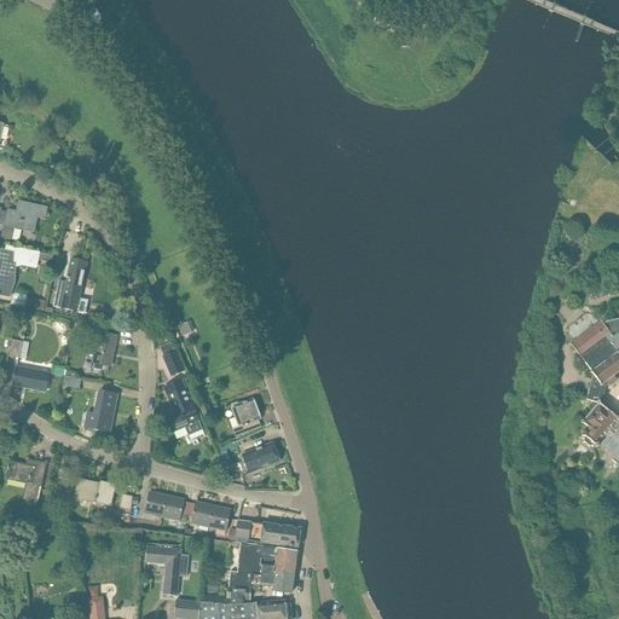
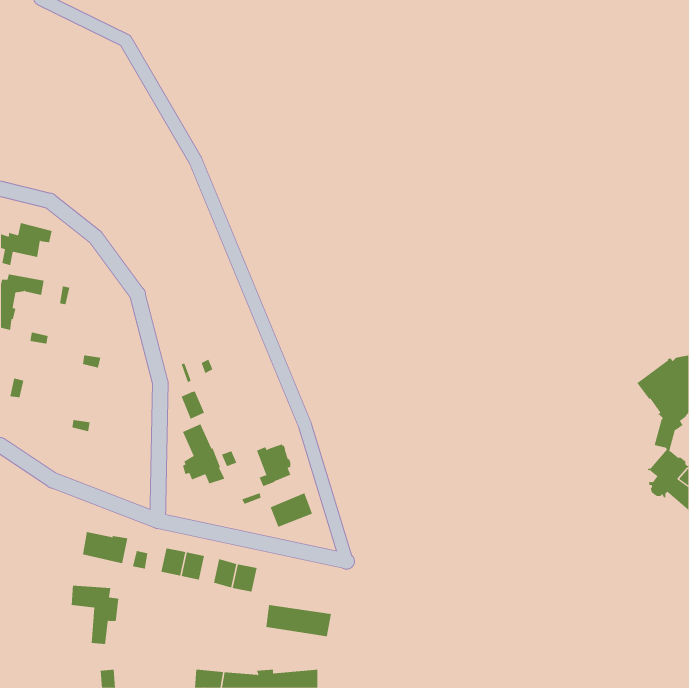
building: [53,259,88,313] -> none
building: [92,331,116,371] -> none
building: [12,366,48,391] -> none
building: [83,391,117,432] -> none
building: [6,459,47,504] -> none
building: [235,519,300,546] -> none
building: [145,543,189,596] -> [71,585,119,644]
building: [228,562,294,601] -> none

